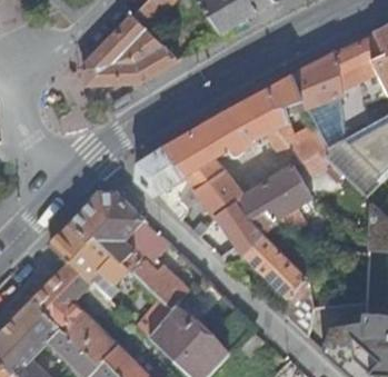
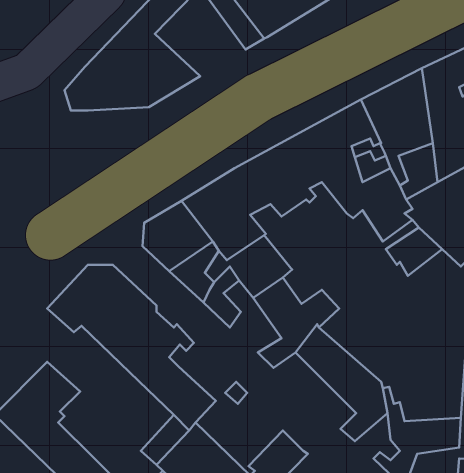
building: [237,165,316,226] -> none
building: [49,224,128,295] -> none

